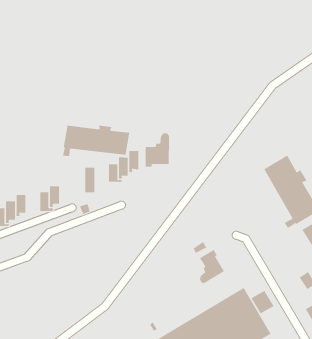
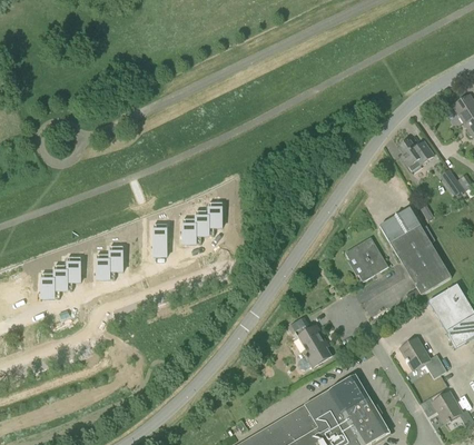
building: none -> [399,140,434,170]
building: [62,125,130,157] -> none
building: [145,132,170,167] -> none
building: none -> [345,236,388,281]
building: [251,290,274,314] -> [399,338,429,368]

